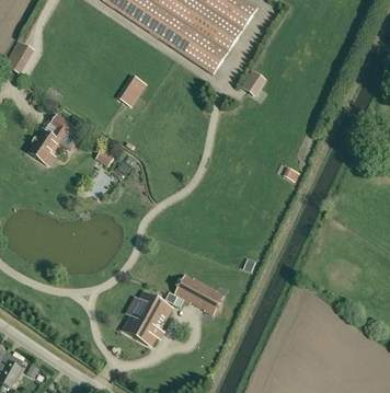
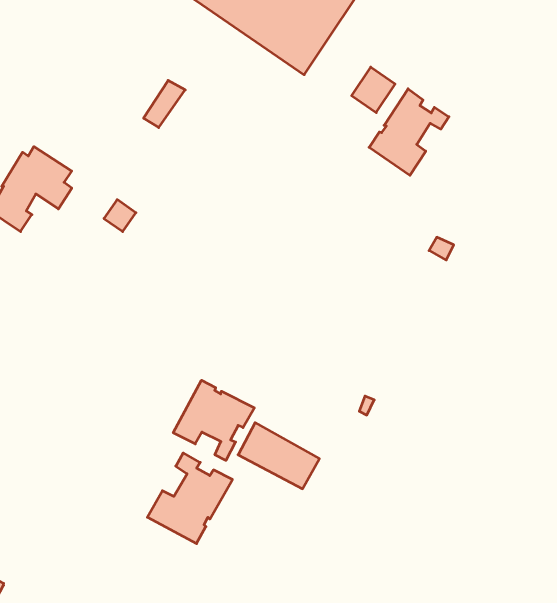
building: none -> [369,89,449,175]
building: none -> [173,380,254,460]

